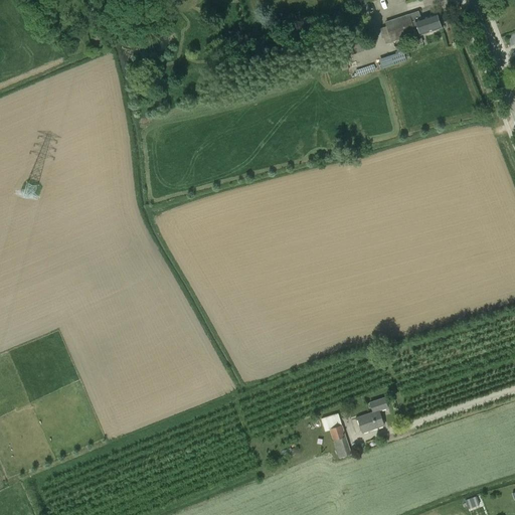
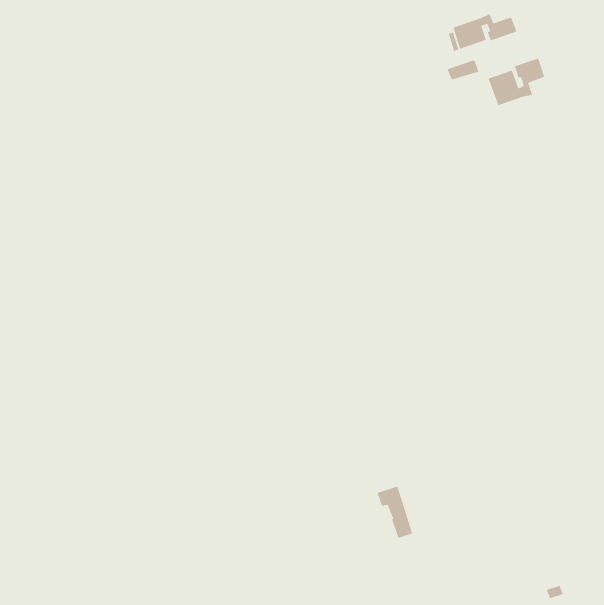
building: none -> [487,57,545,106]
building: [357,397,387,433] -> none

